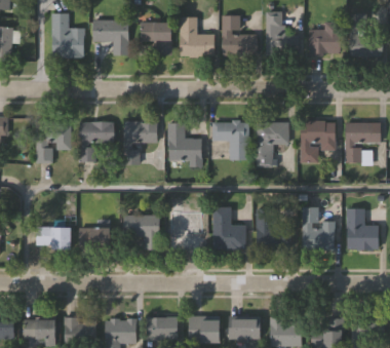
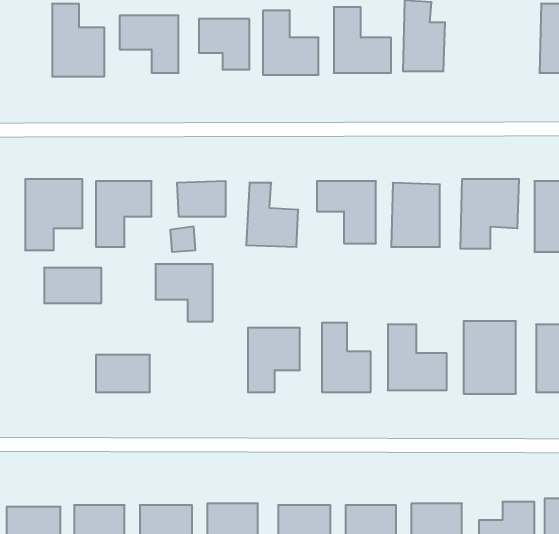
building: [308,22,340,55] -> none
building: [124,215,159,249] -> [155,264,213,321]
building: [36,227,71,248] -> [44,268,101,303]

